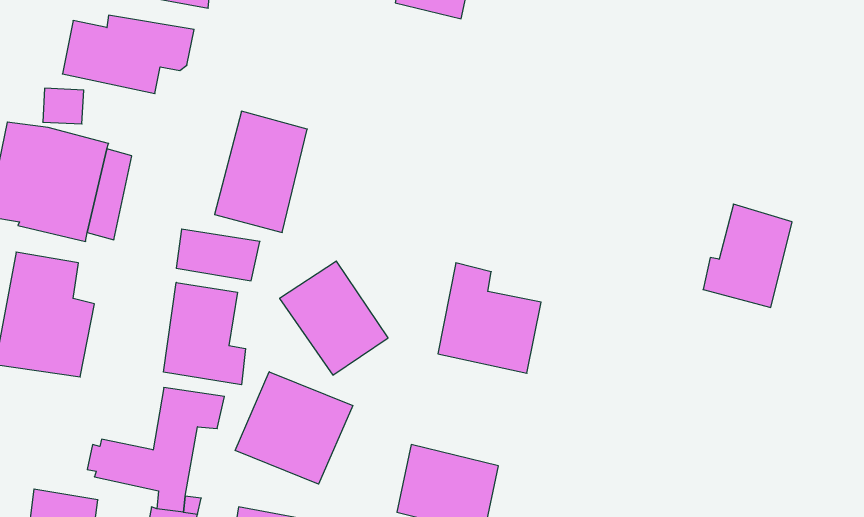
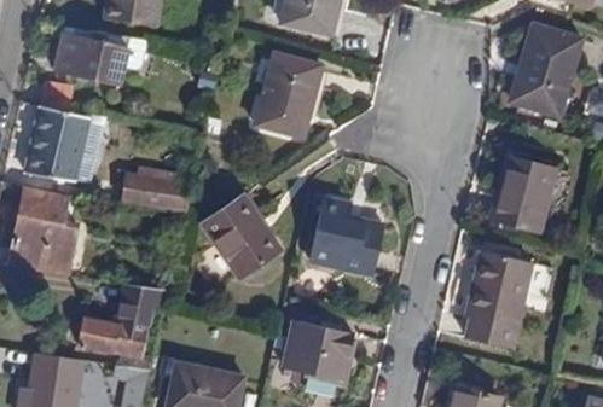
building: none -> [511,25,580,115]
building: [215,111,307,232] -> [256,54,319,136]
building: [164,282,246,385] -> none
building: none -> [466,251,529,348]
building: [235,372,353,484] -> none

